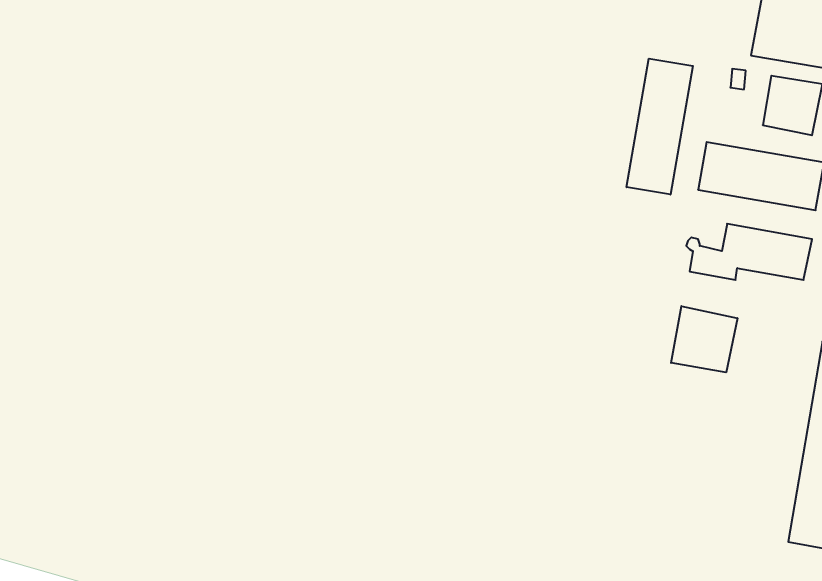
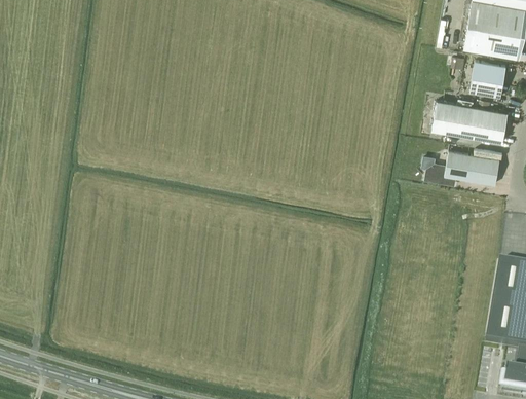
building: [627,59,693,195] -> none
building: [671,306,737,372] -> none

